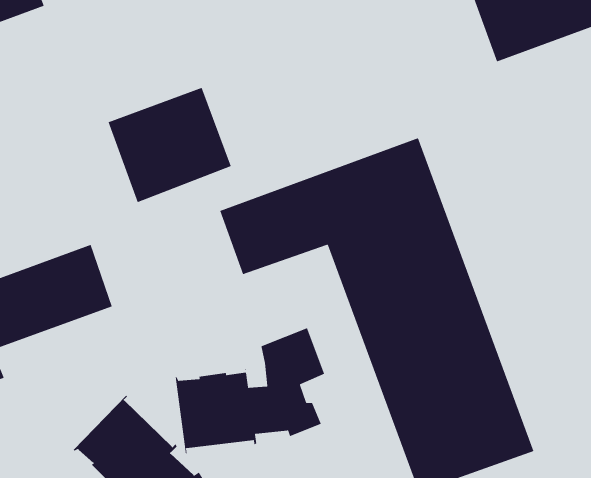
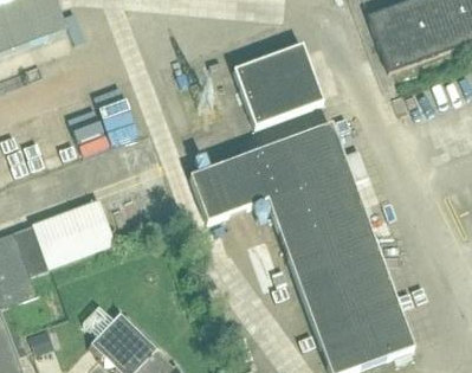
building: [107,87,232,203] -> [237,51,325,134]
building: [175,327,325,454] -> none

